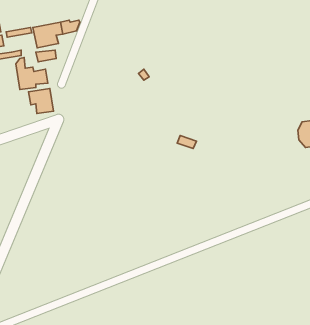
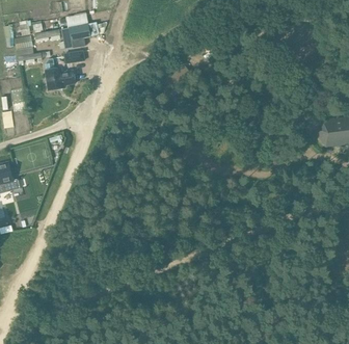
building: [29,88,53,114] -> none

